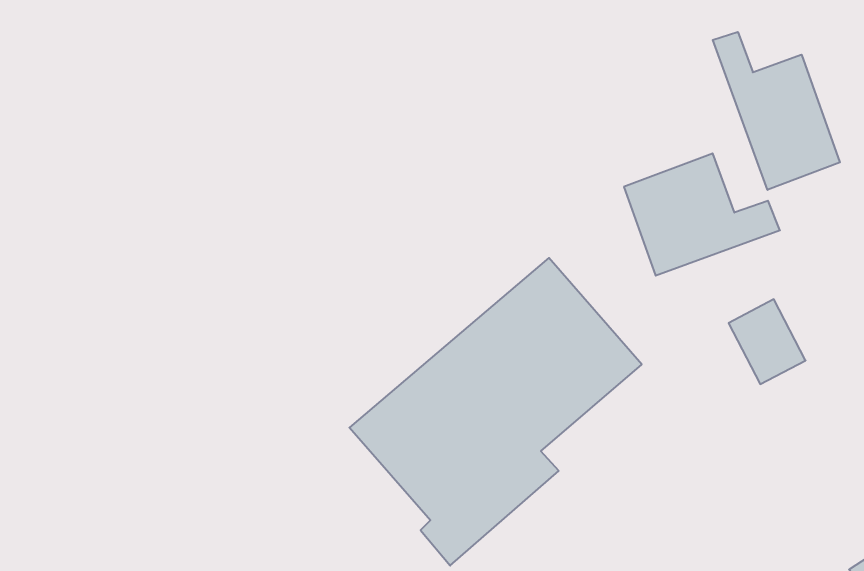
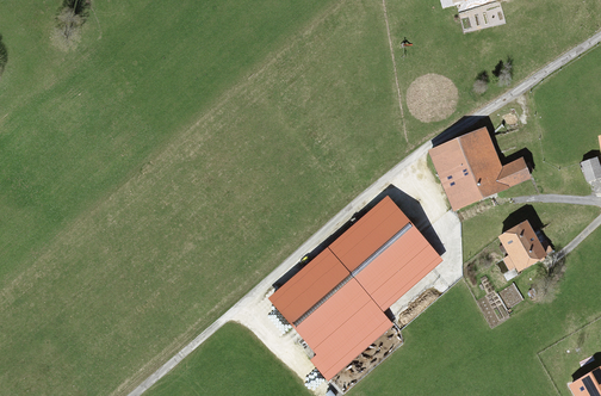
building: [713,32,840,190] -> none

